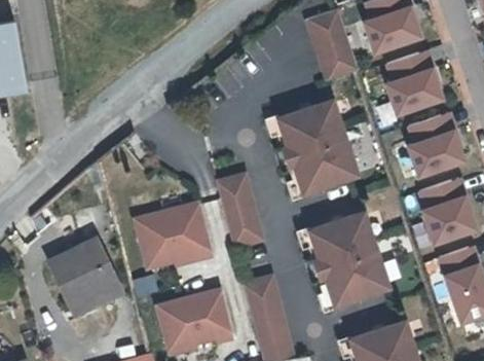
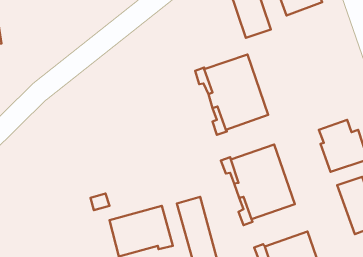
building: [388,53,444,115] -> none
building: [409,118,464,177] -> none
building: [220,173,265,245] -> none
building: [135,201,215,267] -> none
building: [50,233,124,311] -> none

